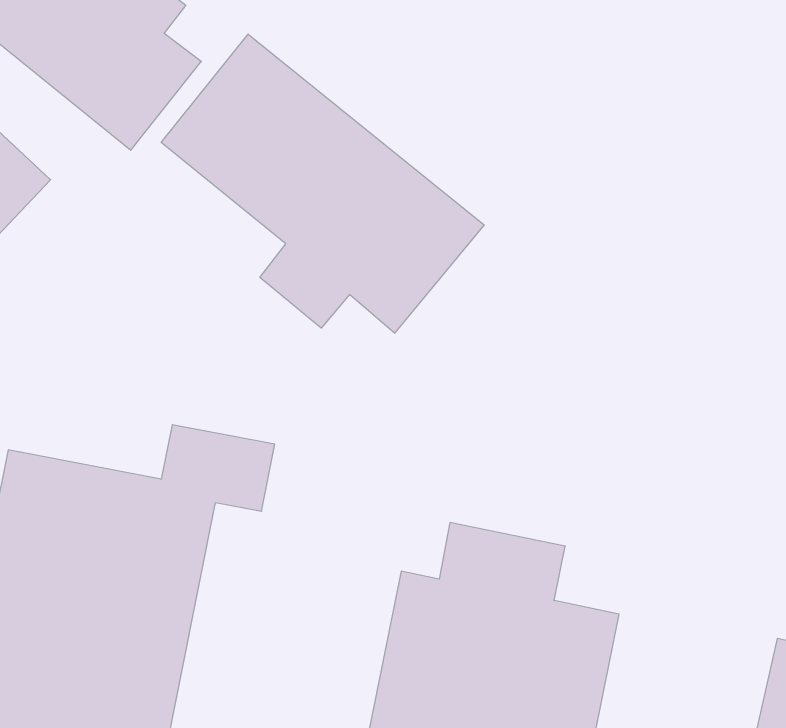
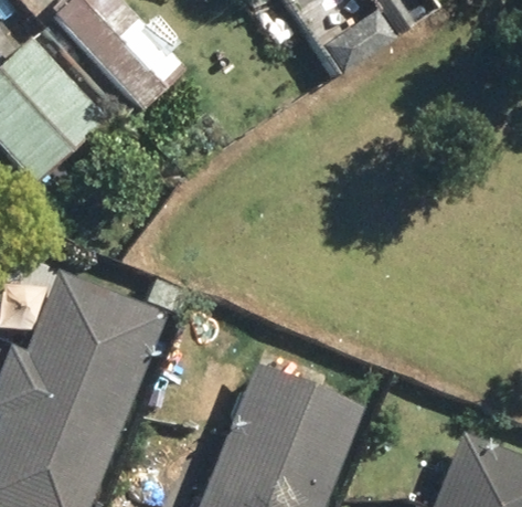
building: [161,34,484,333] -> none

